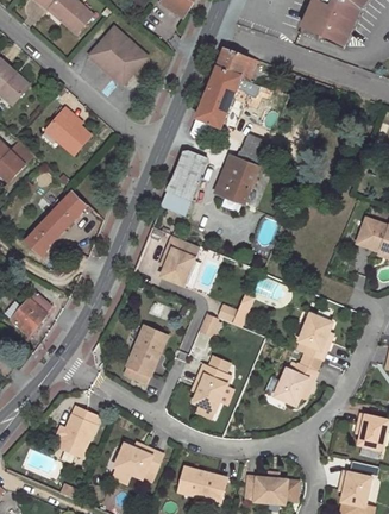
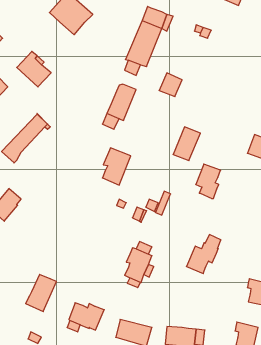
building: [221,158,258,203] -> [173,127,200,161]
building: [299,313,332,359] -> [196,164,221,199]
building: [124,325,167,383] -> none

